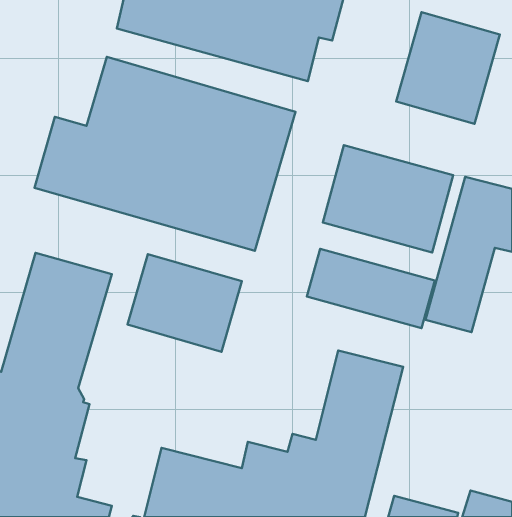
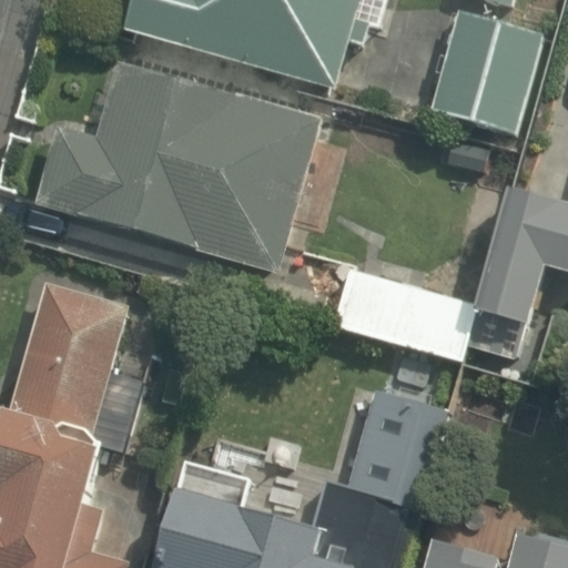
building: [323,145,453,252] -> none
building: [127,254,242,352] -> none

